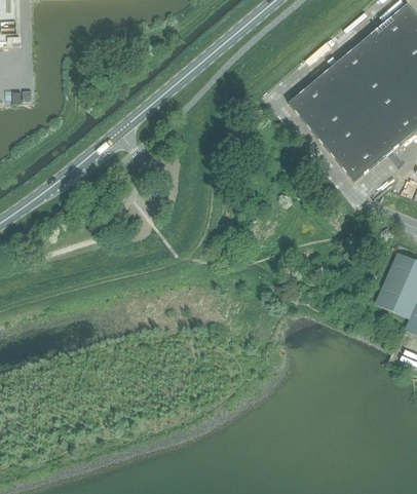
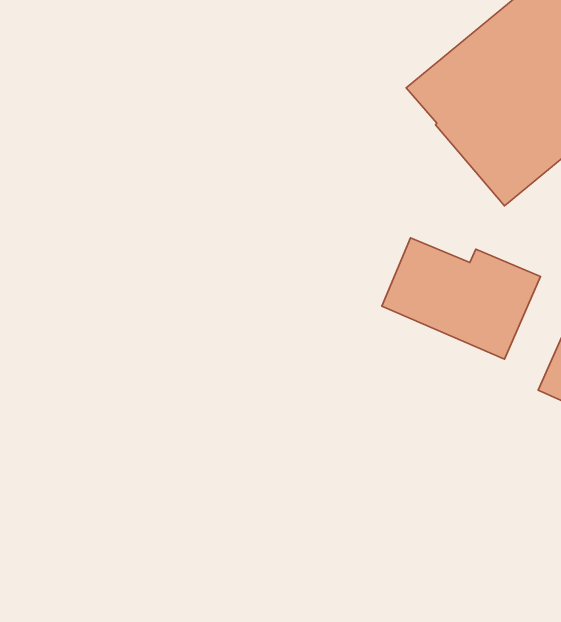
building: none -> [382,238,541,359]

